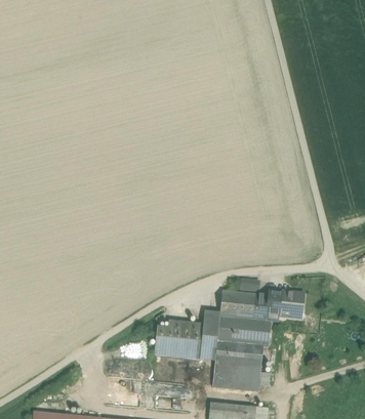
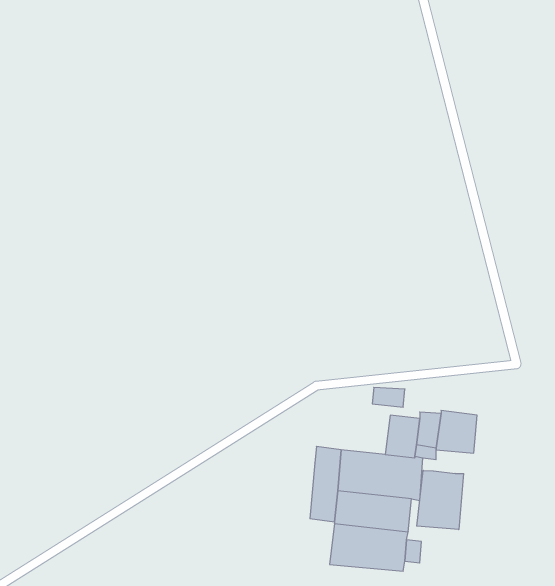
building: [219,290,250,318] -> none
building: [154,320,203,358] -> none
building: none -> [417,470,464,530]

